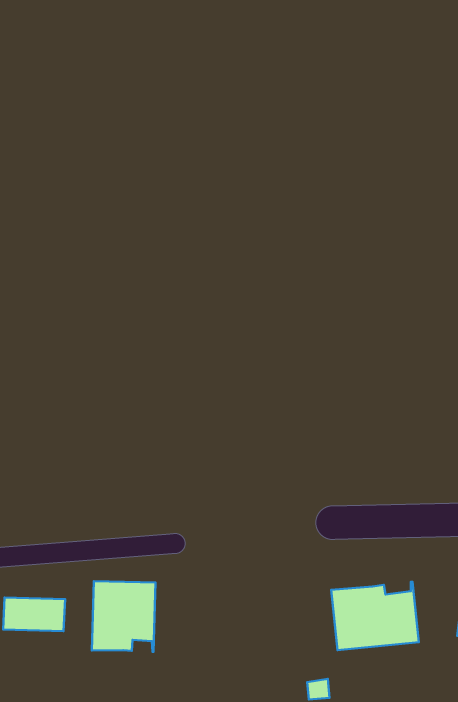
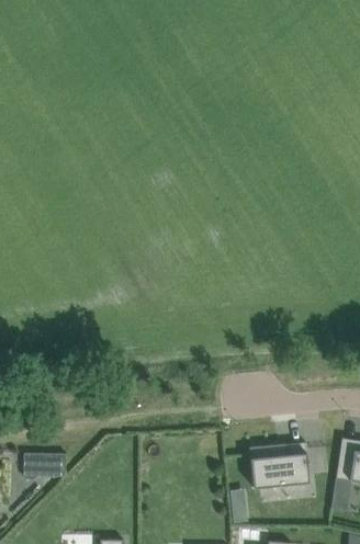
building: [92,581,156,652] -> none

